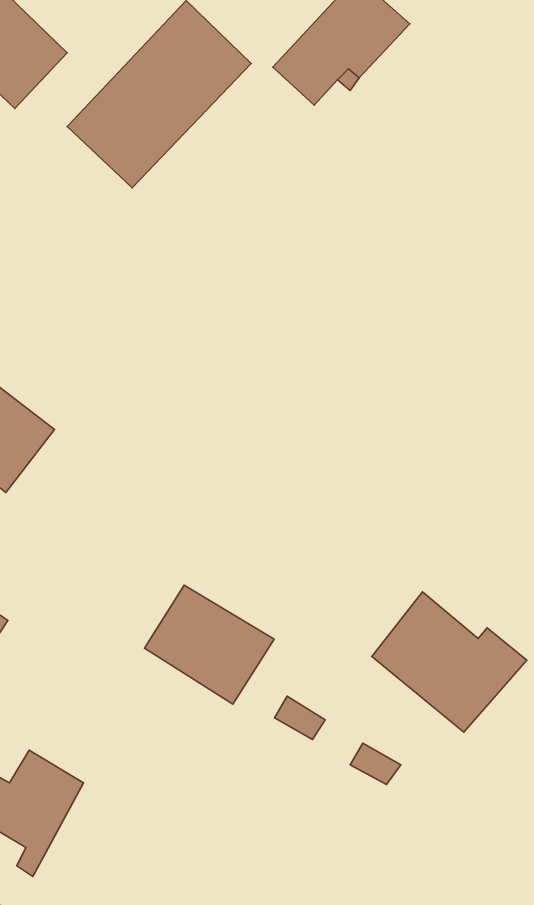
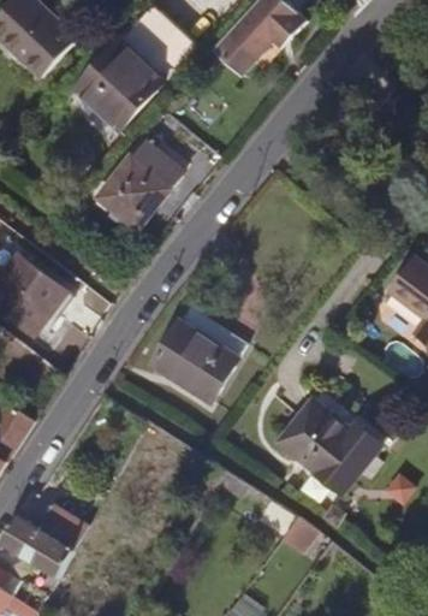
building: none -> [96,134,190,227]
building: [144,585,274,704] -> [150,321,237,401]

